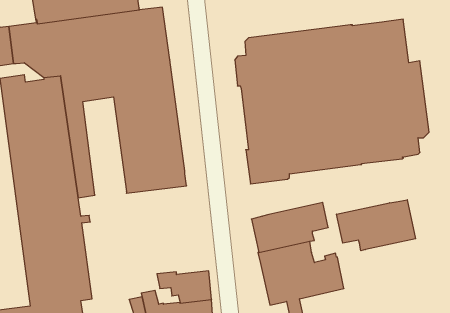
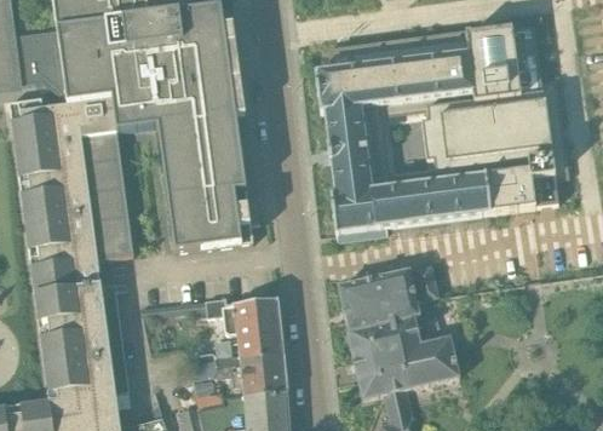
building: [337,200,416,251] -> none
building: none -> [205,298,282,360]

